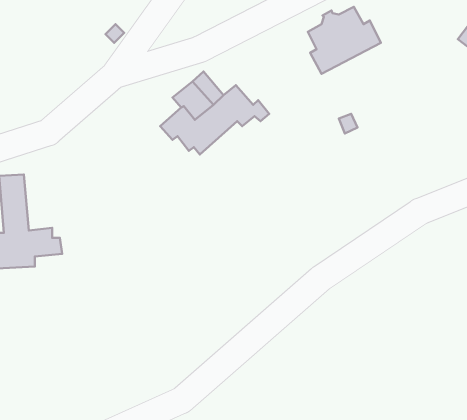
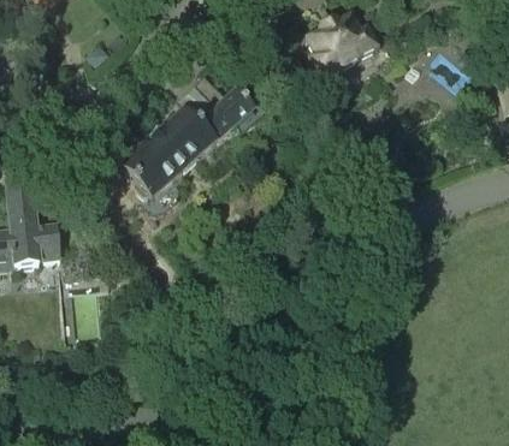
building: none -> [119,129,200,200]

